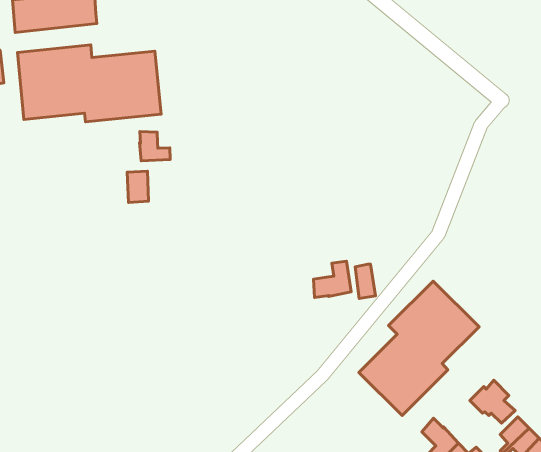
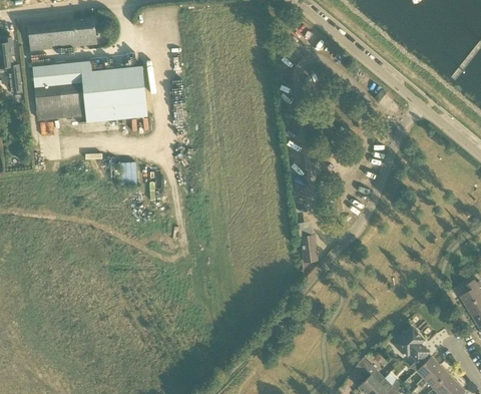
building: [139,131,170,161] -> none
building: [314,261,351,298] -> none
building: [359,281,479,416] -> none

